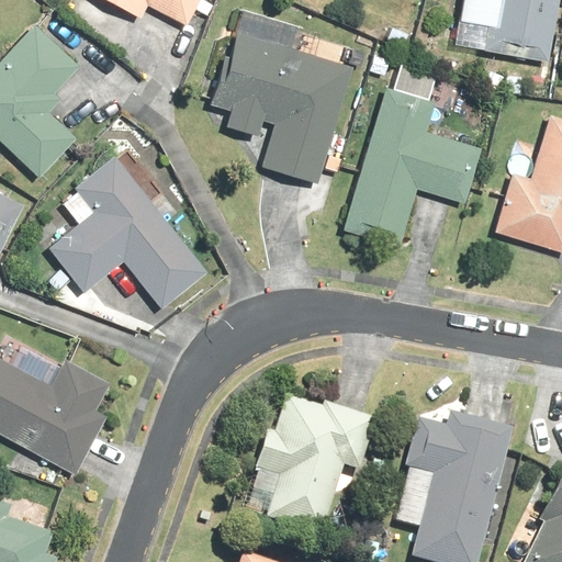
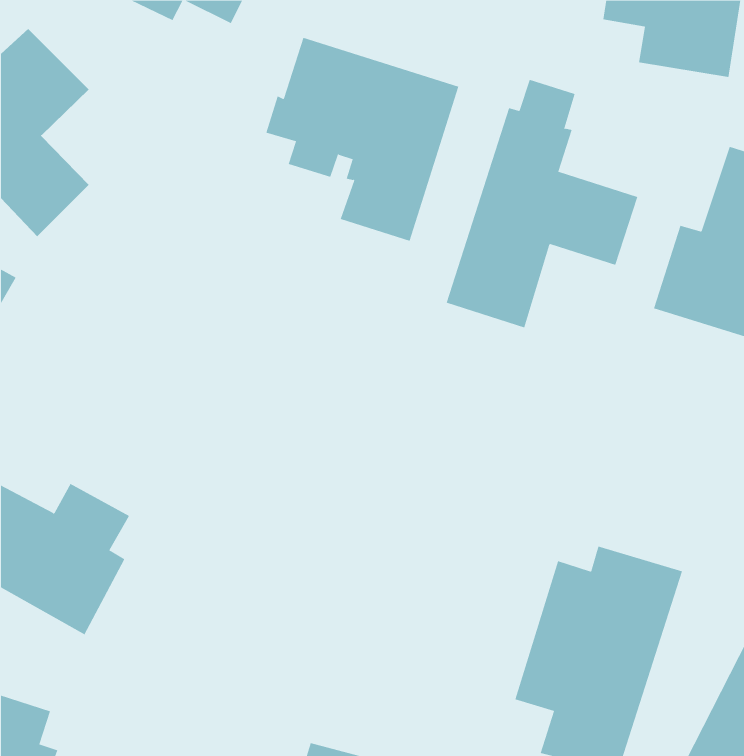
building: [47,155,204,307] -> none
building: [239,396,373,539] -> none

